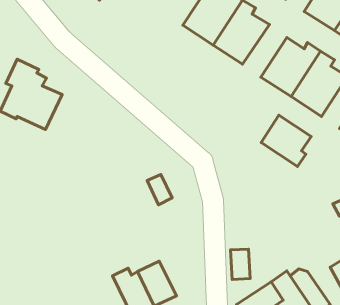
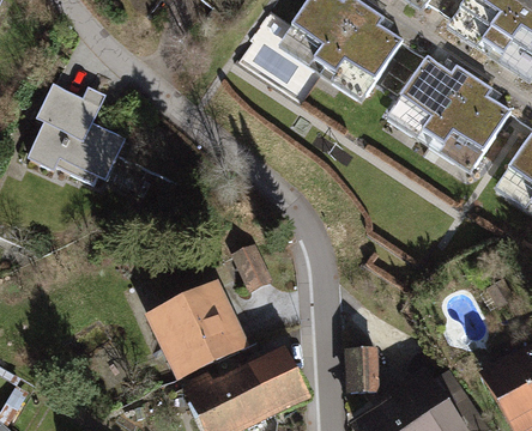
building: [261,115,311,166] -> none
building: none -> [152,289,240,377]
building: none -> [250,350,304,414]

